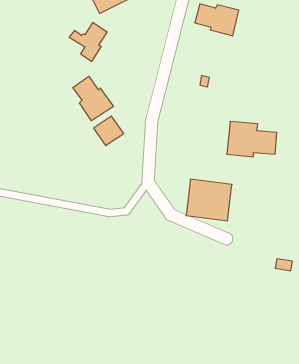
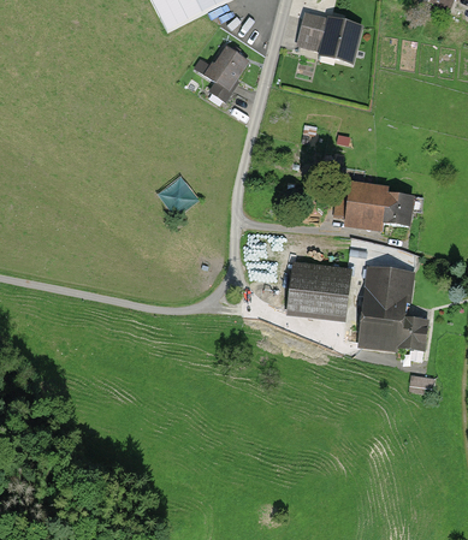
building: [69,23,107,61] -> [195,47,248,101]
building: [73,76,113,121] -> none
building: none -> [357,266,428,351]

